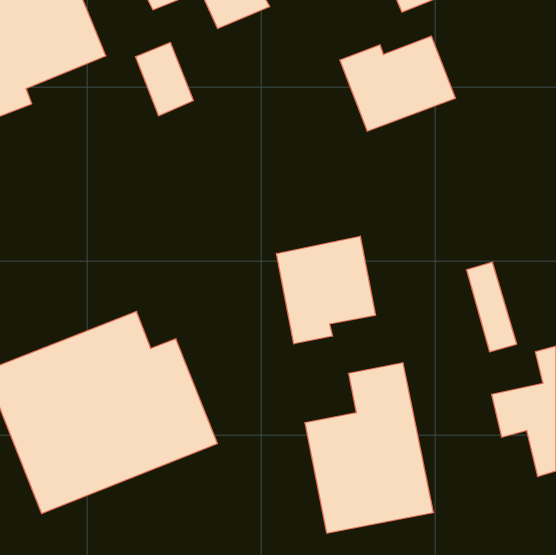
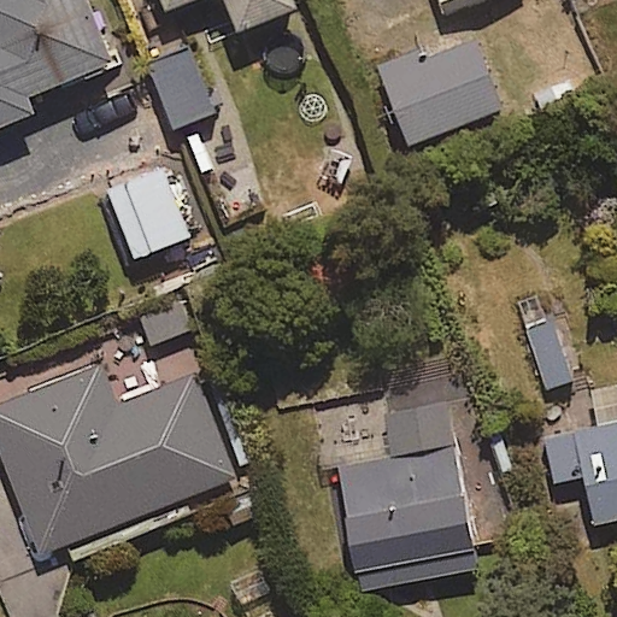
building: none -> [106,161,189,258]
building: [276,236,376,344] -> none

